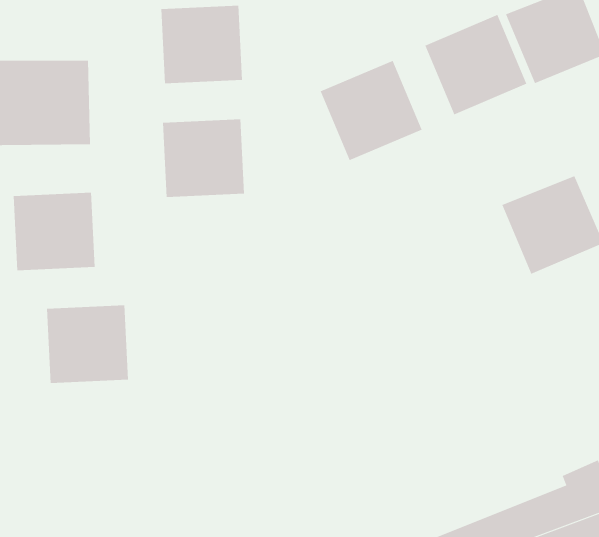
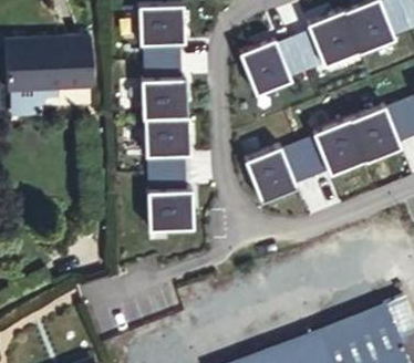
building: [13,192,95,271] -> [144,121,194,168]
building: none -> [299,125,361,186]
building: none -> [242,145,303,206]
building: [46,305,129,384] -> [149,190,199,238]

